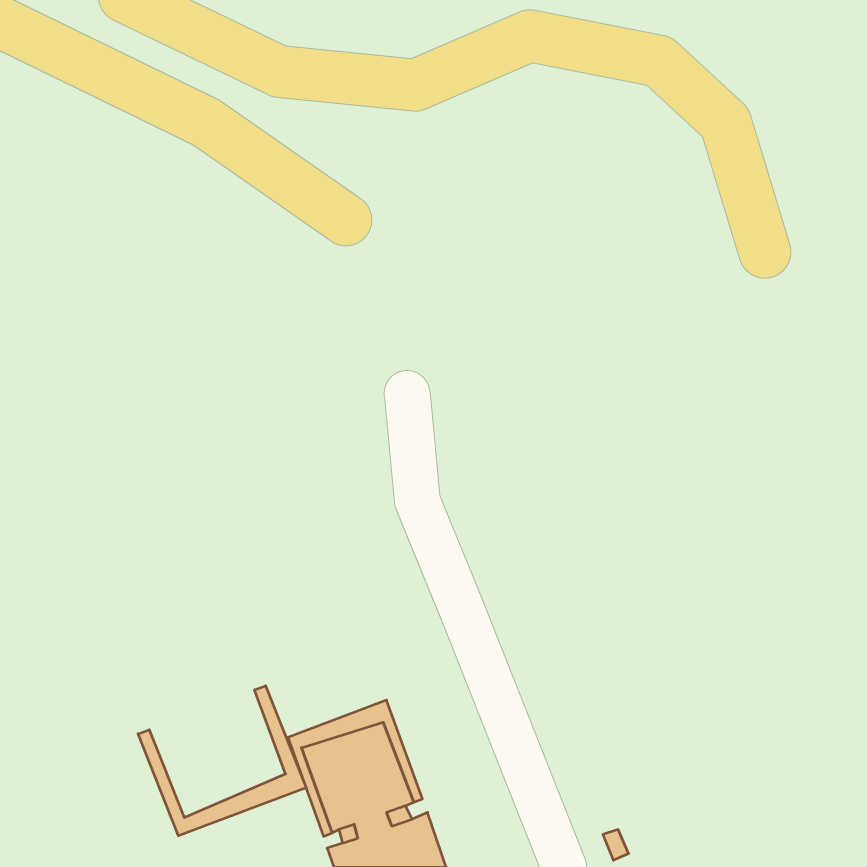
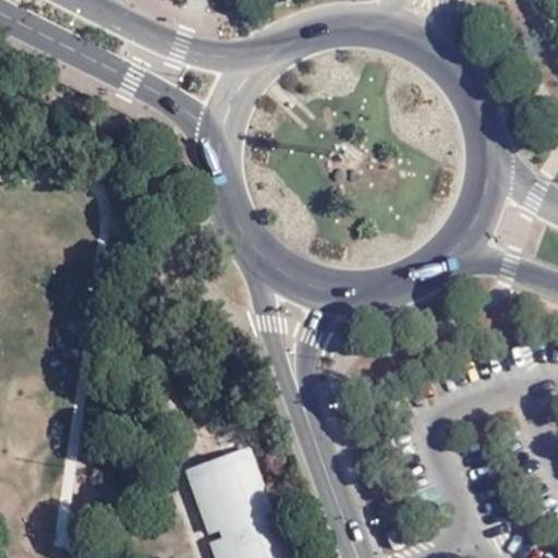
building: [138,686,306,836] -> none

